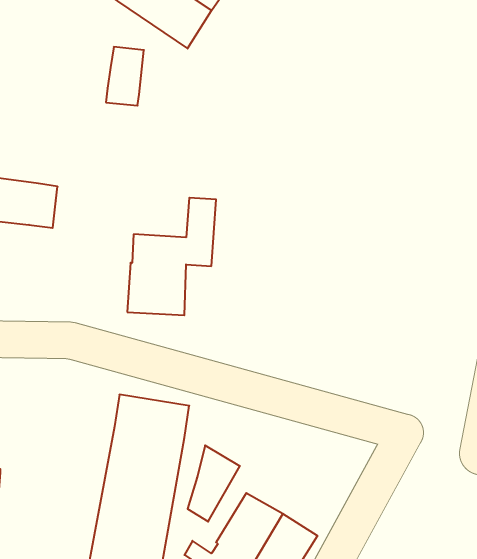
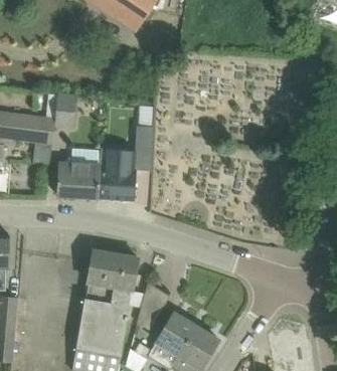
building: [106,47,144,106] -> [52,92,76,130]
building: none -> [56,162,100,198]

